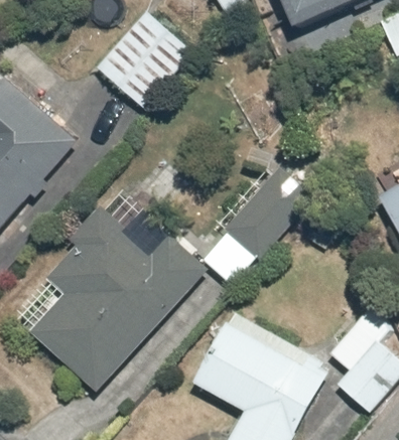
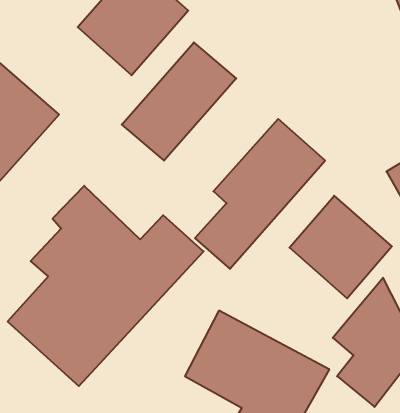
building: none -> [122,42,236,161]
building: none -> [289,196,392,298]

